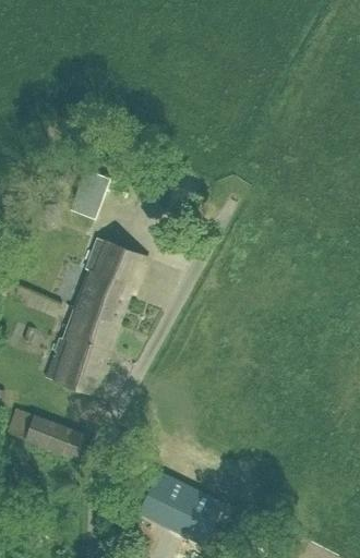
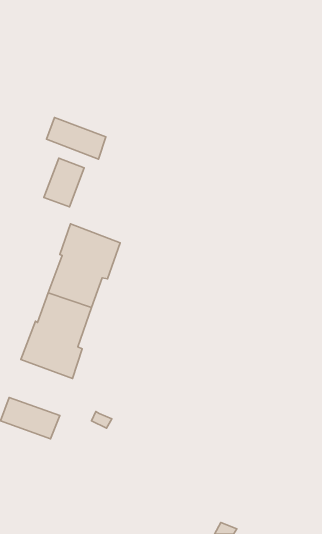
building: none -> [46,117,106,159]
building: [137,471,221,541] -> none

